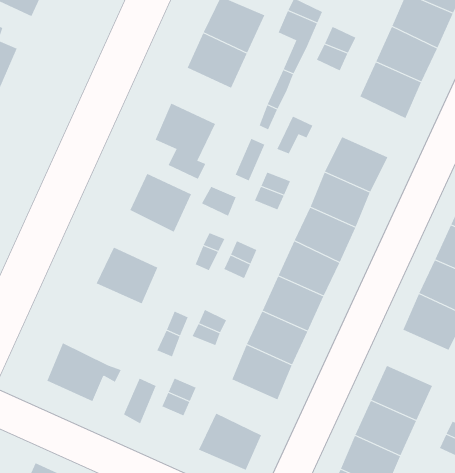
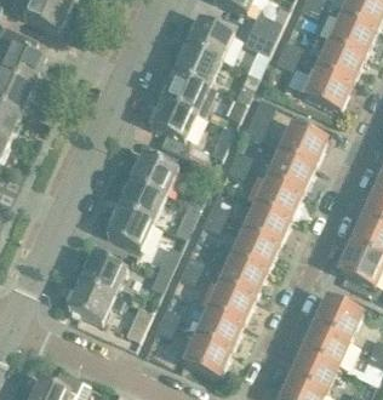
building: none -> [162,69,208,112]
building: none -> [119,177,165,221]
building: none -> [80,250,128,295]
building: none -> [196,305,244,348]

